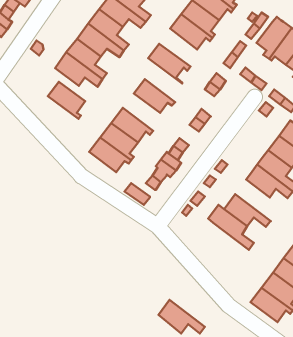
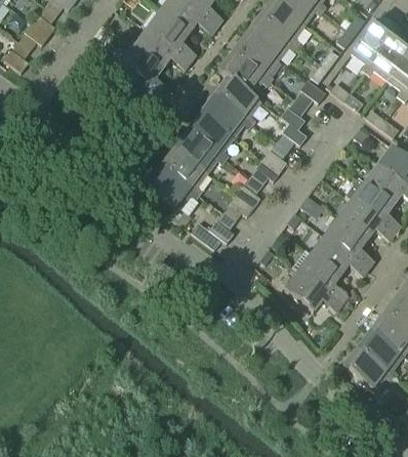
building: none -> [233,35,279,81]
building: none -> [215,71,260,124]
building: [48,82,85,119] -> [189,114,234,159]
building: none -> [325,218,374,268]
building: [158,300,205,334] -> [285,271,341,311]

